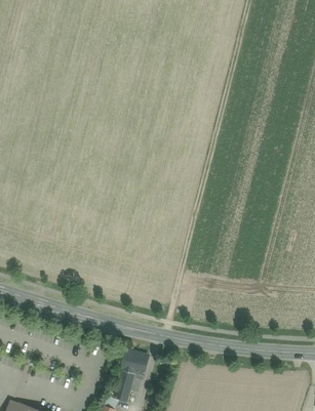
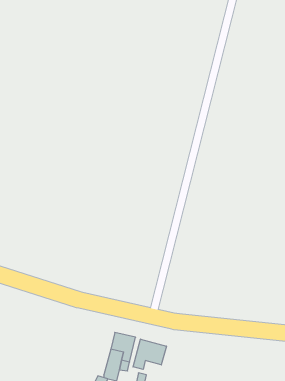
building: none -> [133,339,166,369]

